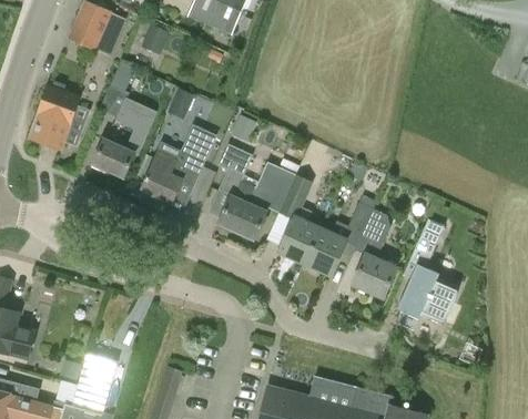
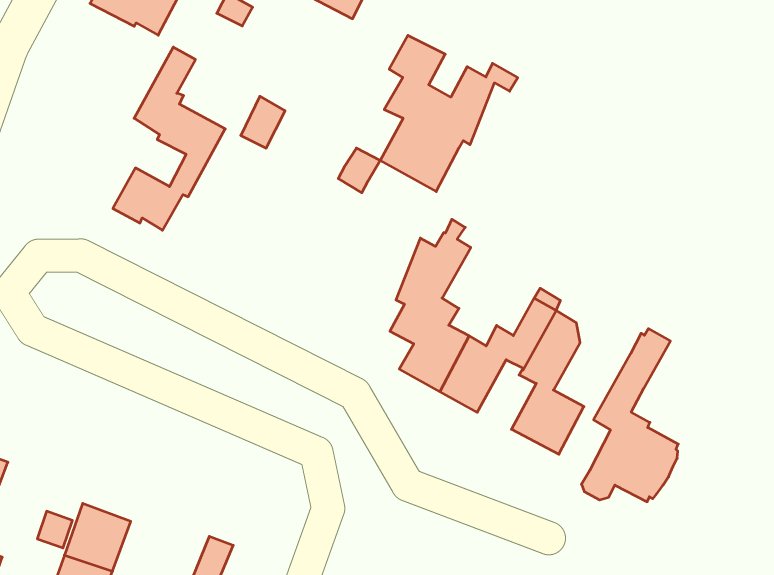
building: [29,82,80,150] -> none
building: [141,129,215,203] -> none
building: [217,144,299,241] -> [380,35,518,192]

